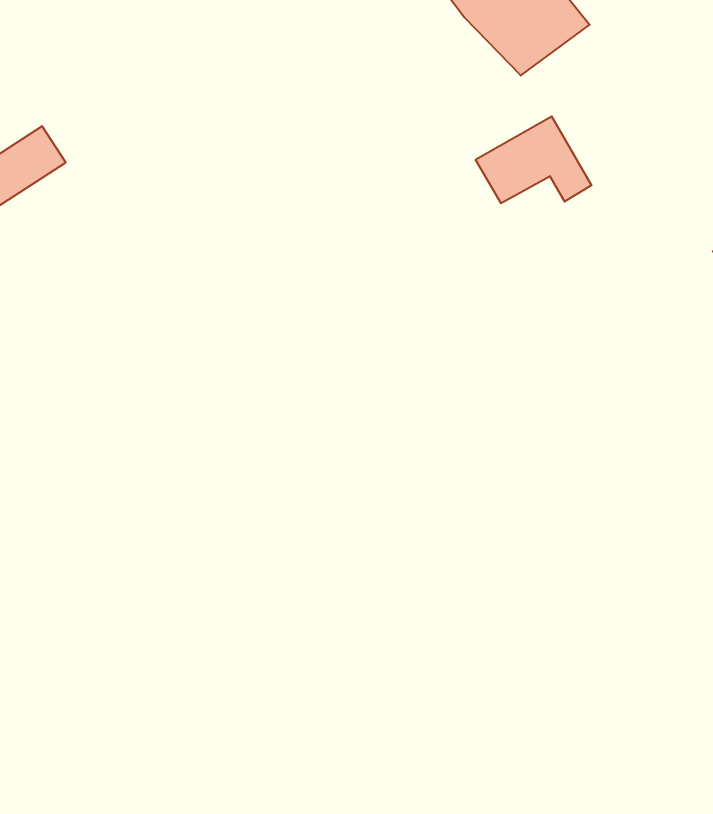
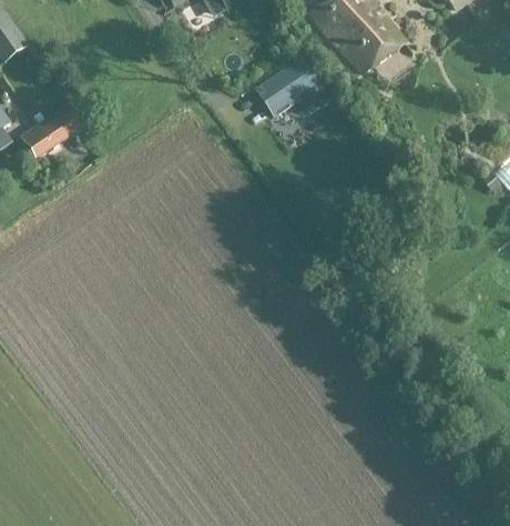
building: [476,116,592,203] -> [255,60,326,113]

